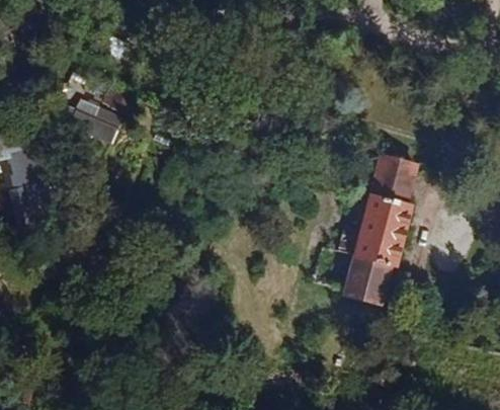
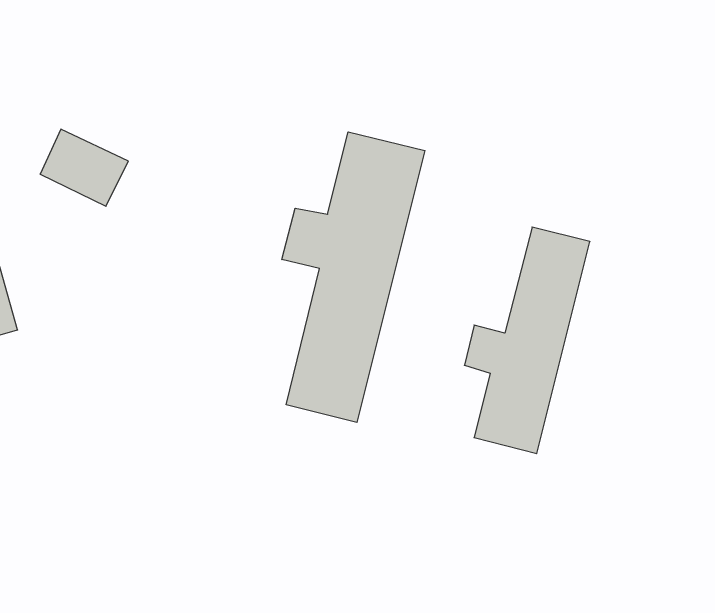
building: none -> [282,132,425,422]

